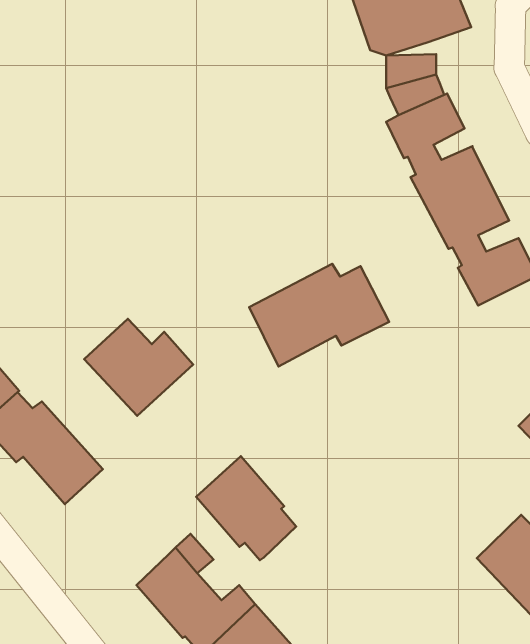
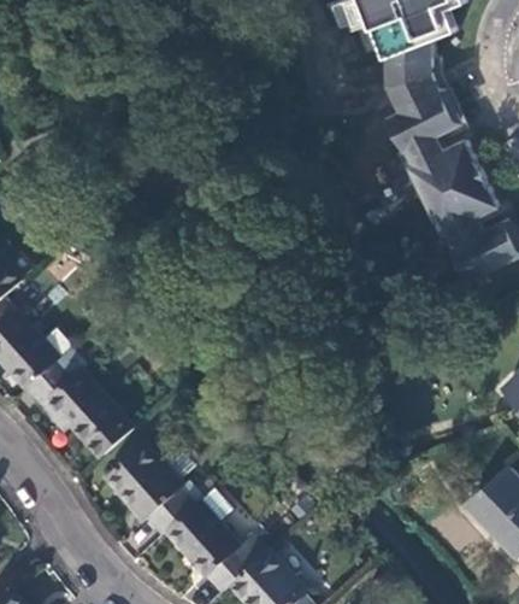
building: [249,264,389,367] -> none
building: [84,319,193,416] -> none
building: [196,456,296,560] -> [104,439,193,532]

